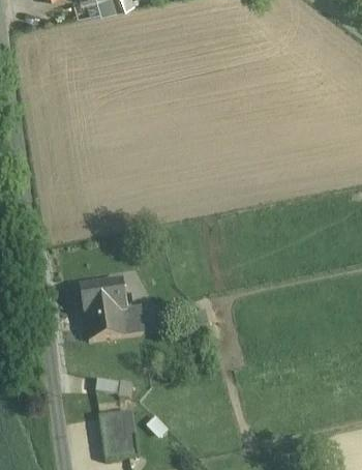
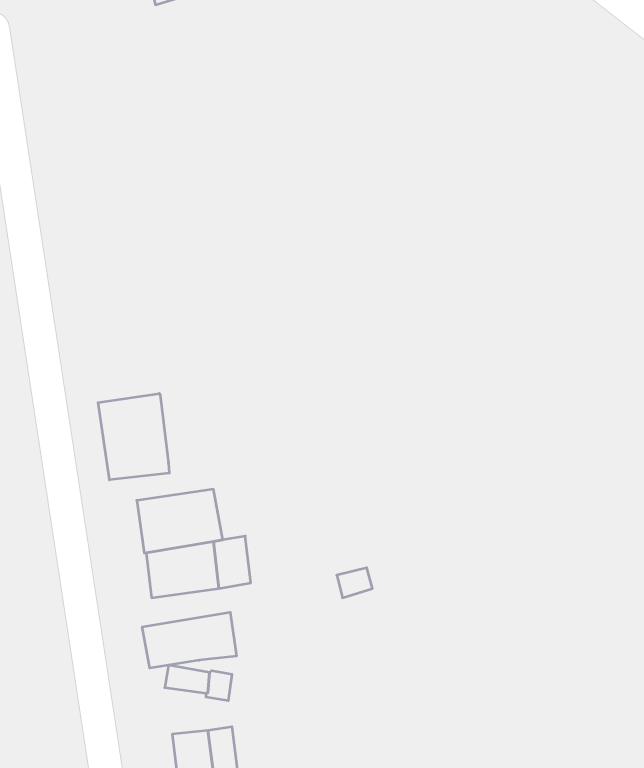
building: none -> [98,393,169,480]
building: none -> [142,612,236,668]

